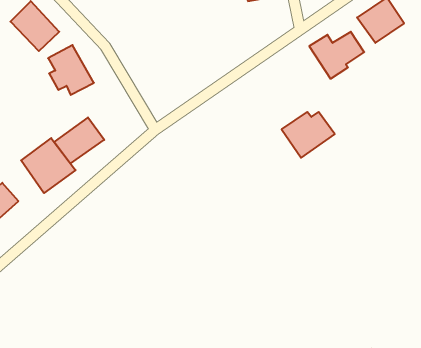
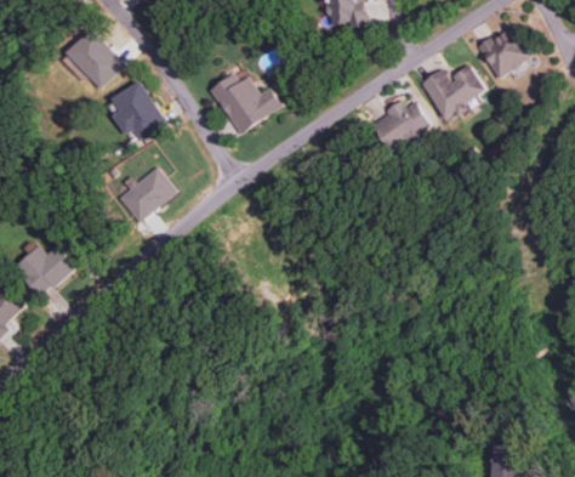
building: none -> [209,74,283,135]
building: [282,112,335,158] -> [371,102,434,157]
building: [21,138,76,193] -> none

